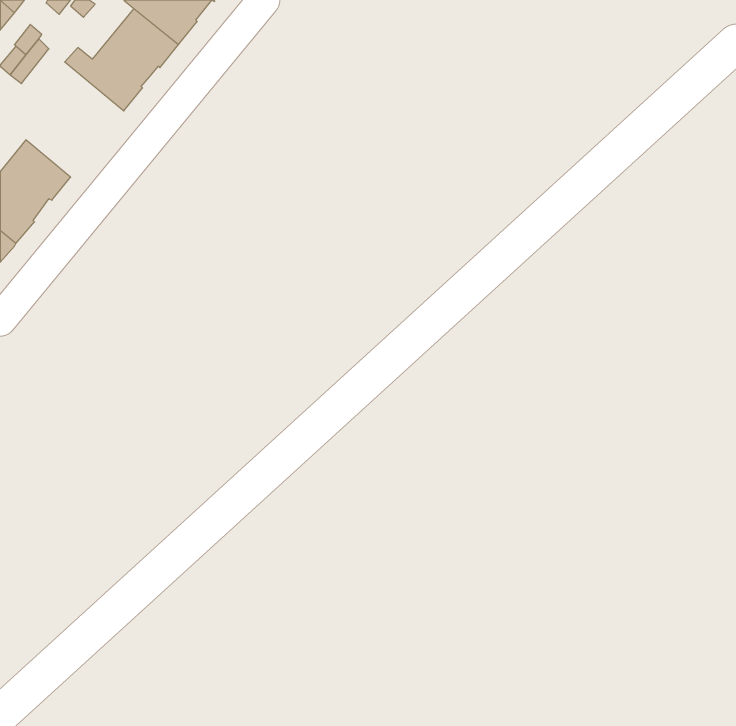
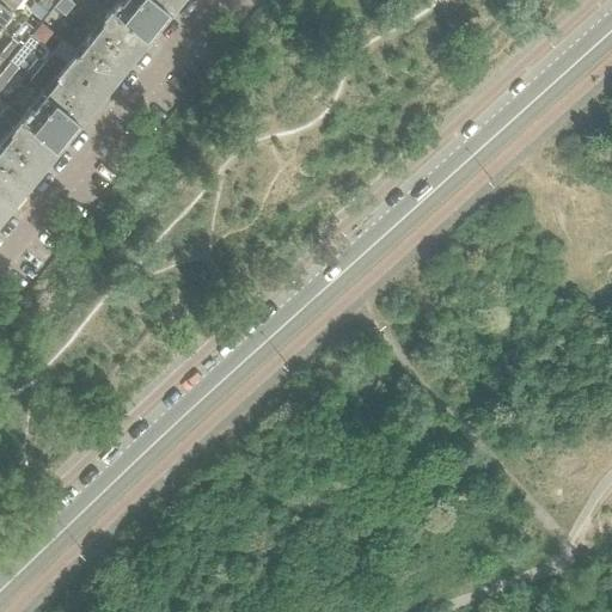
building: none -> [22,60,103,155]

